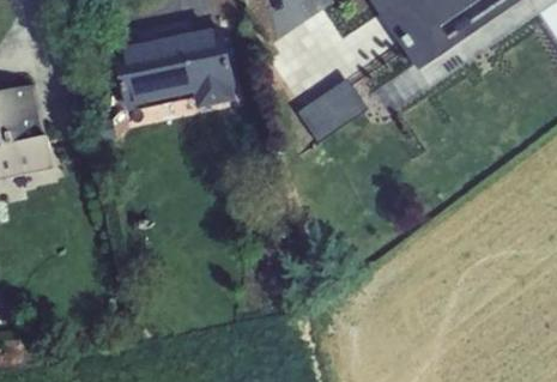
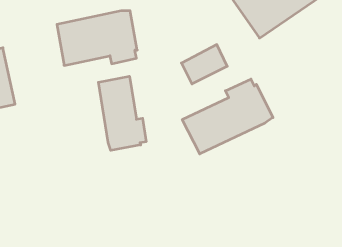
building: none -> [98,76,146,150]
building: none -> [182,79,273,154]

